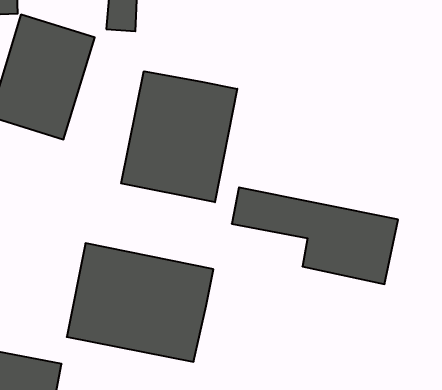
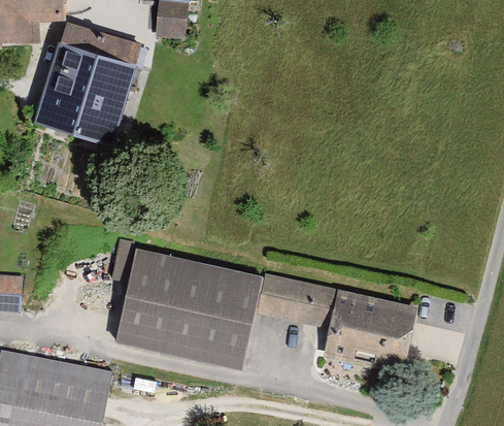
building: [121,71,237,202] -> none
building: [232,187,398,284] -> [254,275,418,371]

